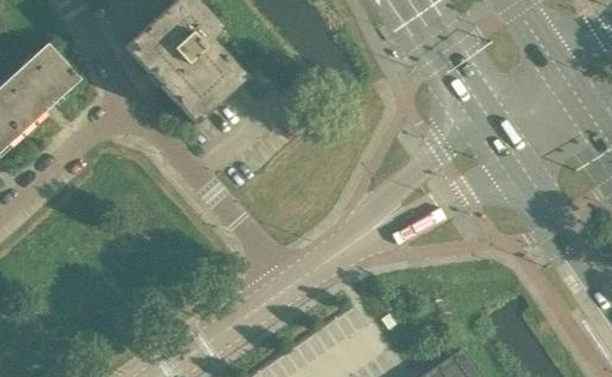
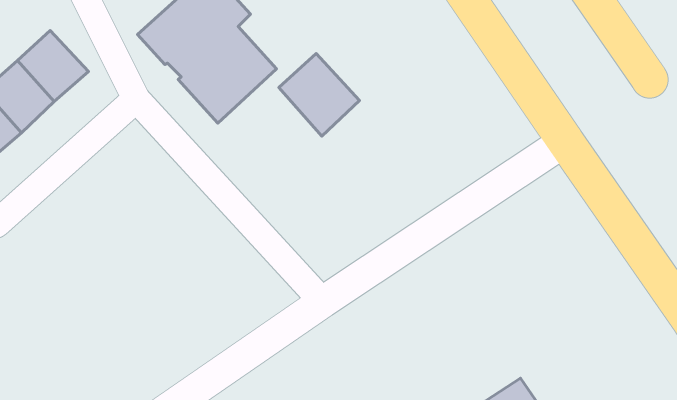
building: none -> [279,54,360,136]

